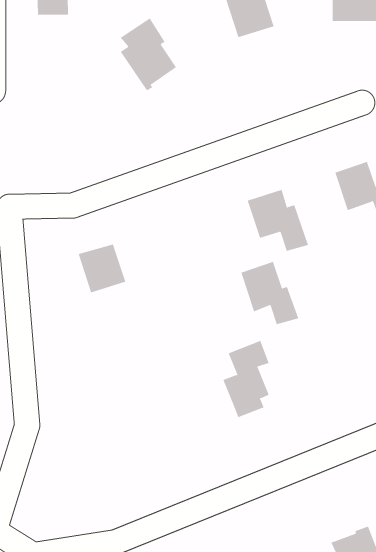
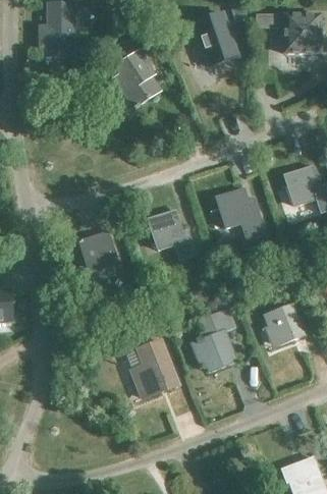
building: [241,261,299,325] -> [148,209,195,260]
building: none -> [264,303,305,343]
building: none -> [131,341,177,397]

